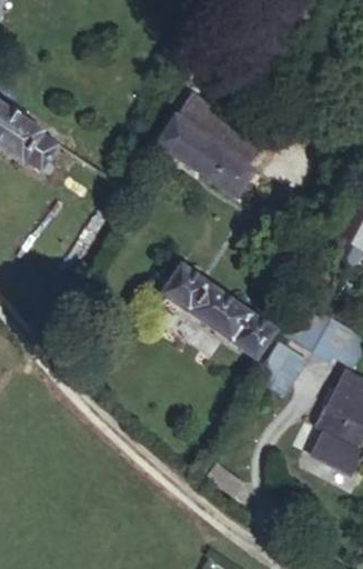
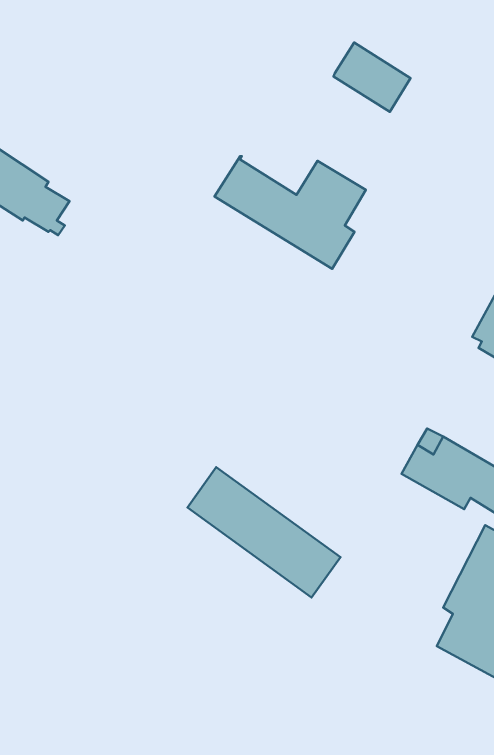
building: [175,96,229,143] -> [333,43,411,112]
building: [172,269,278,359] -> [187,467,340,598]
building: [258,343,306,397] -> none

